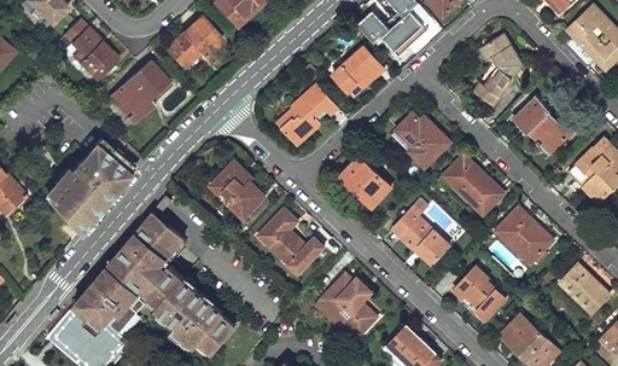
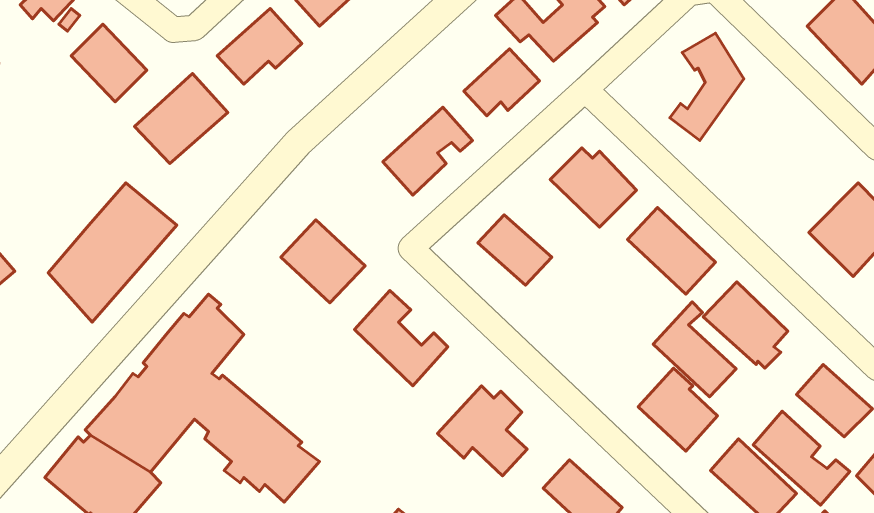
building: [515,97,576,156] -> none
building: [393,199,450,265] -> [653,302,736,397]
building: none -> [753,411,850,505]

